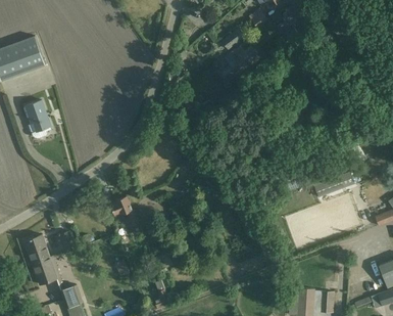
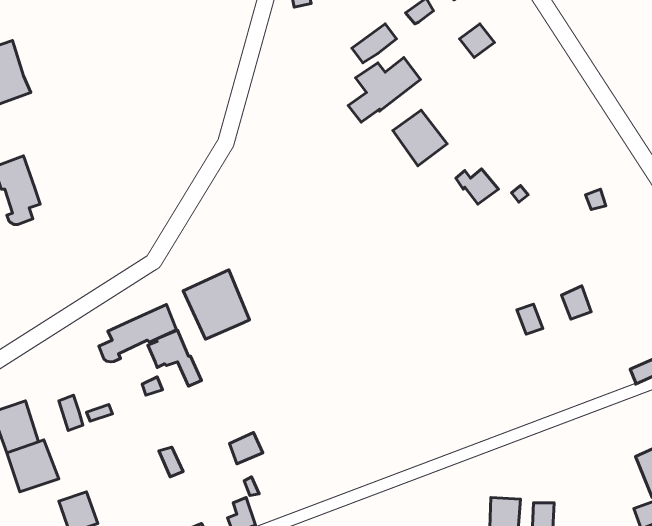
building: none -> [393,110,447,166]
building: none -> [183,270,250,339]
building: none -> [99,305,176,362]

